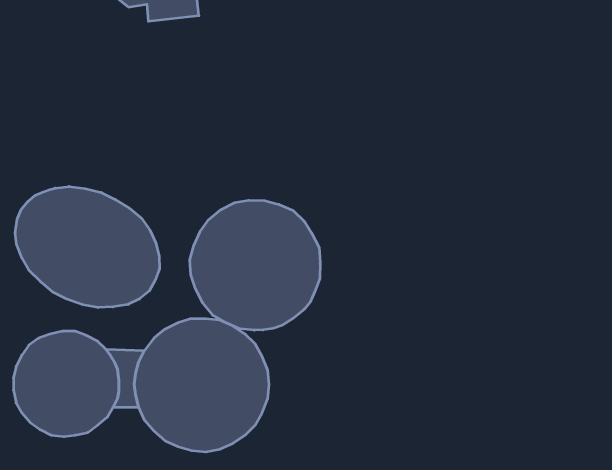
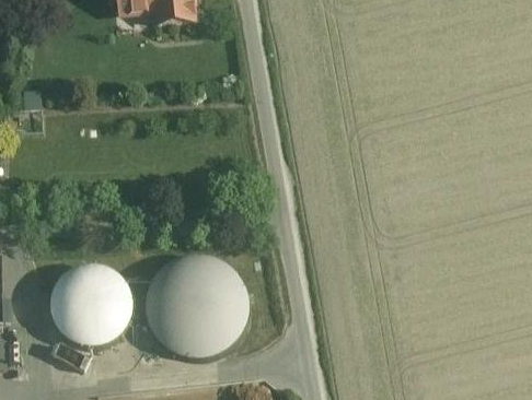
building: [15,186,159,308] -> none
building: [190,200,320,330] -> none

